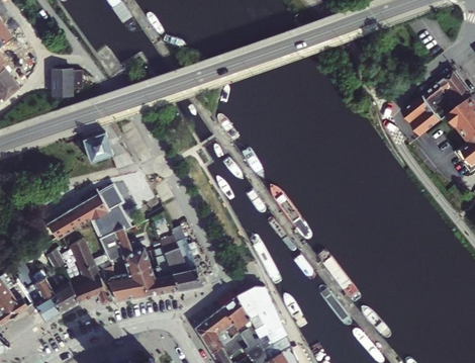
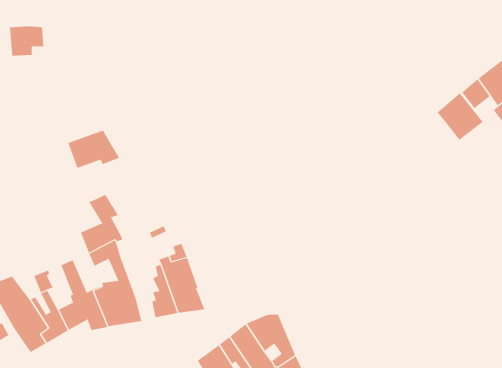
building: [52,71,82,97] -> [9,26,44,56]
building: [48,192,110,240] -> none
building: [127,238,157,295] -> none

